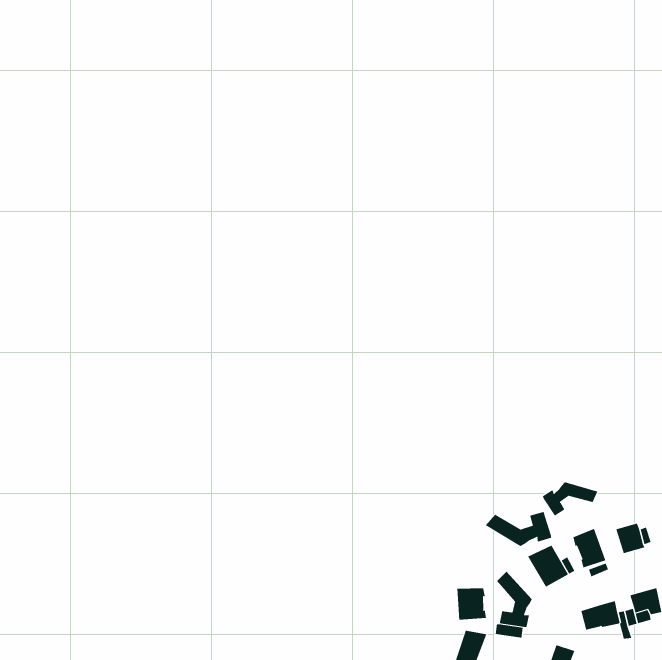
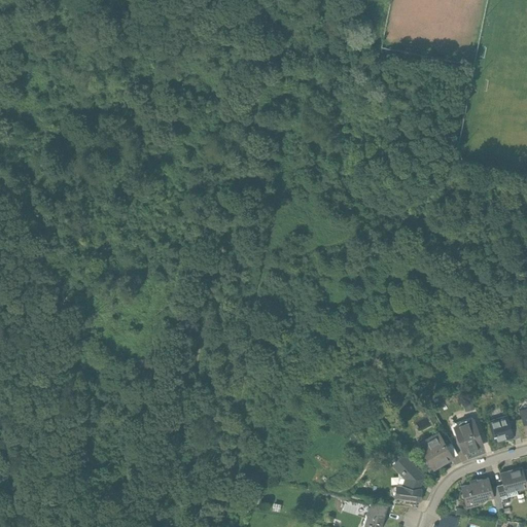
building: [542,482,598,516] -> none
building: [485,511,552,547] -> none
building: [457,587,486,621] -> none

